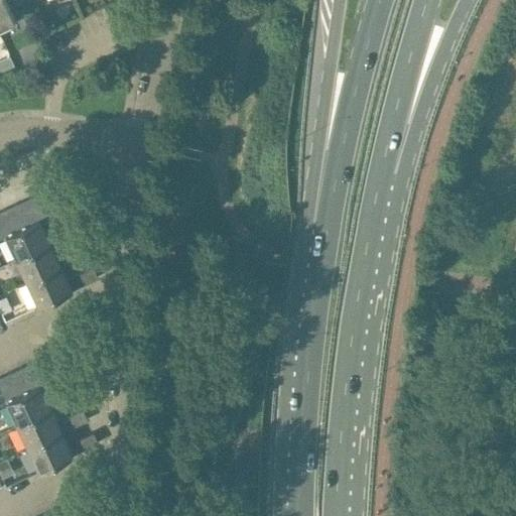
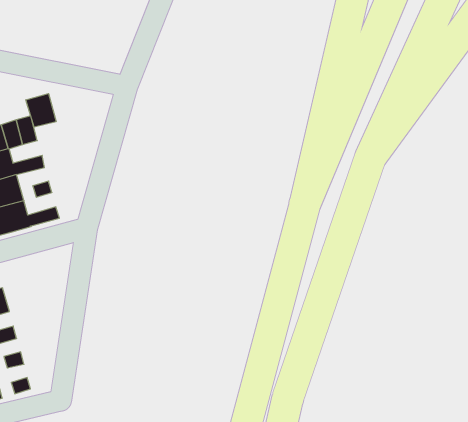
building: none -> [26,94,56,127]

